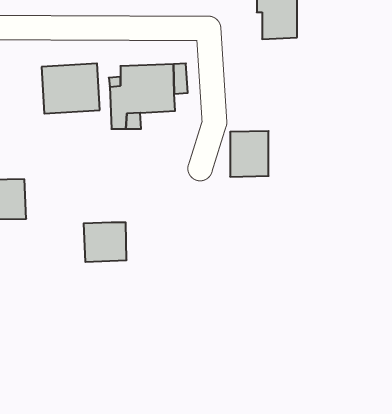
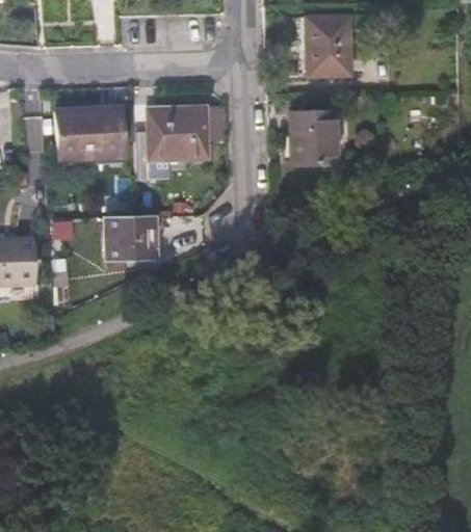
building: [230,131,269,177] -> [291,110,336,163]
building: [84,222,127,262] -> [106,215,156,261]

